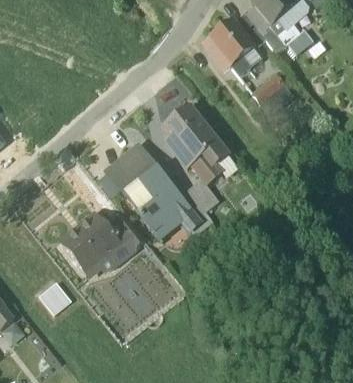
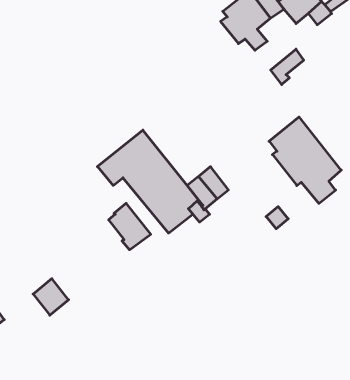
building: [164,105,229,183] -> [269,117,341,203]
building: [63,216,123,274] -> none

